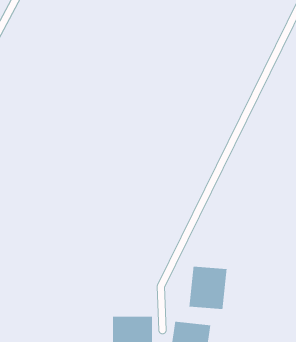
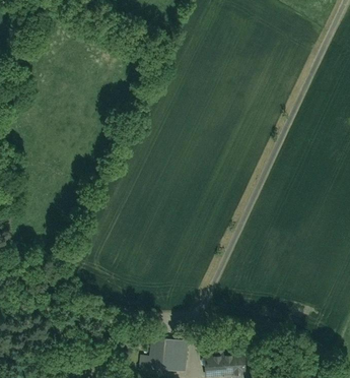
building: [189,266,227,310] -> none

